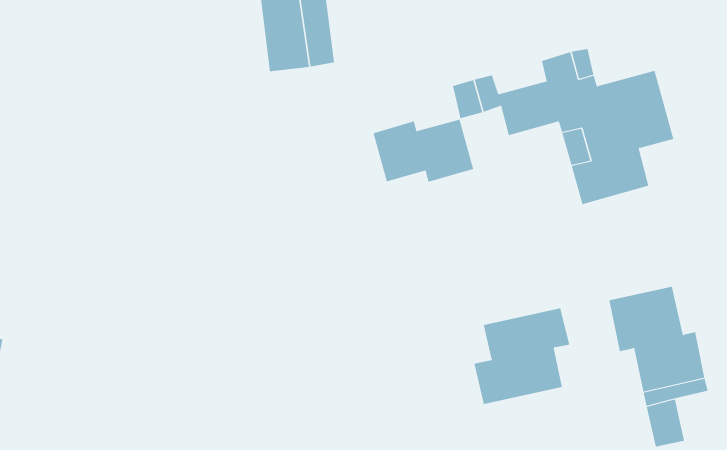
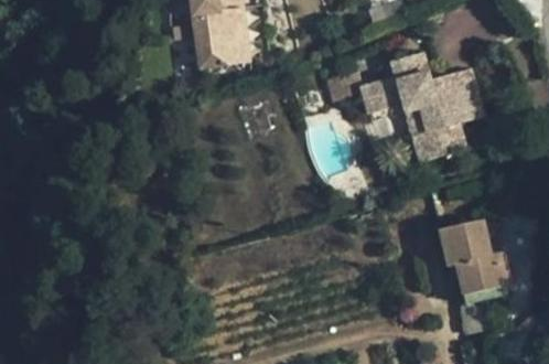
building: [373,119,474,182] -> none
building: [474,308,570,405] -> none

